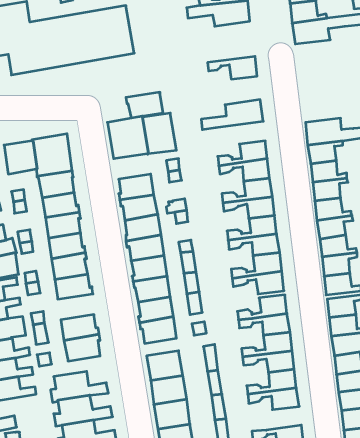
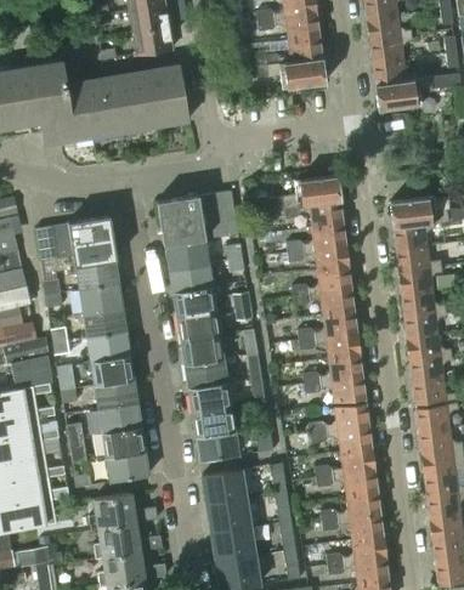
building: [208,56,257,79] -> [284,200,343,227]
building: [126,92,163,118] -> [164,238,208,268]
building: none -> [98,403,141,433]
building: none -> [326,535,385,565]

